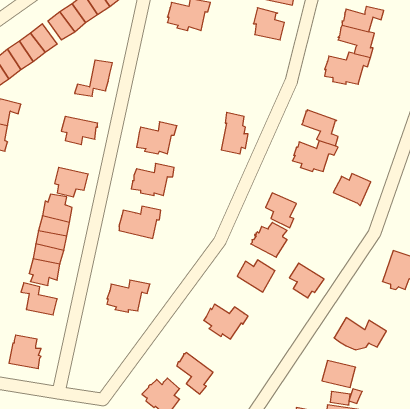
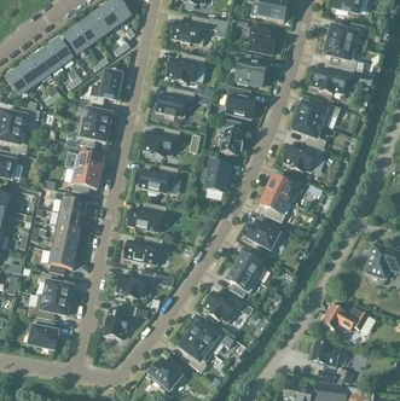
building: none -> [234,51,267,85]
building: none -> [167,54,205,82]
building: none -> [225,86,254,118]
building: none -> [156,88,195,117]
building: none -> [297,100,341,127]
building: none -> [80,101,112,128]
building: none -> [74,147,104,174]
building: none -> [203,153,230,192]
building: [333,174,371,206] -> [266,174,300,203]
building: none -> [124,236,162,265]
building: [289,263,324,298] -> [226,266,257,297]
building: none -> [28,294,69,319]
building: none -> [104,303,137,338]
building: none -> [189,322,233,353]

